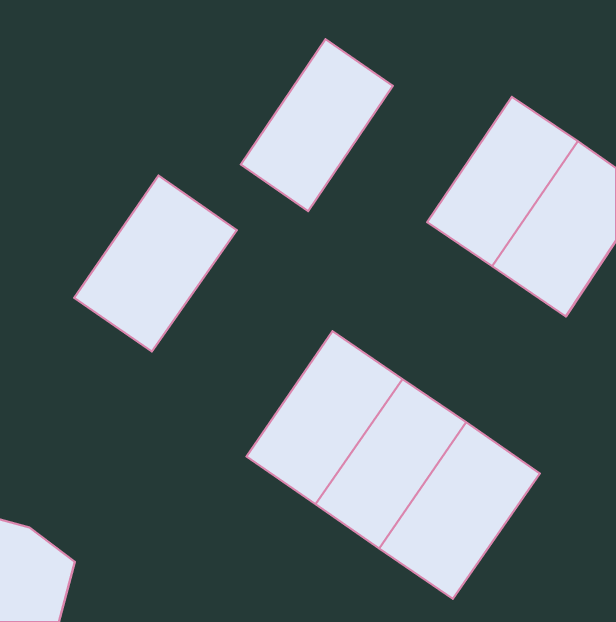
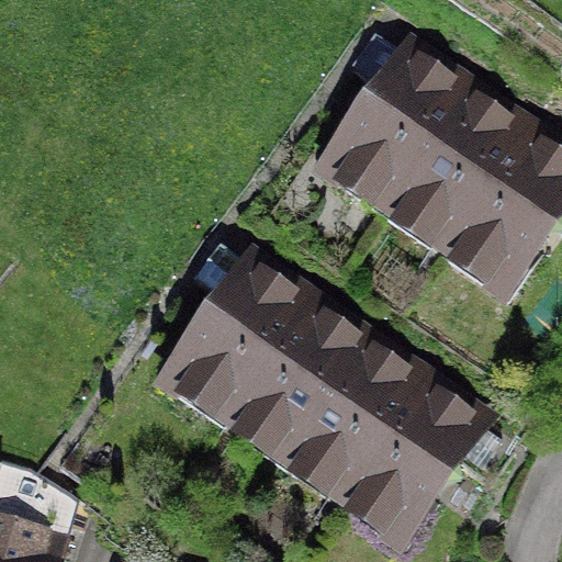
building: [241,39,393,211] -> [322,45,458,199]
building: [74,175,237,351] -> none
building: none -> [165,258,297,408]

